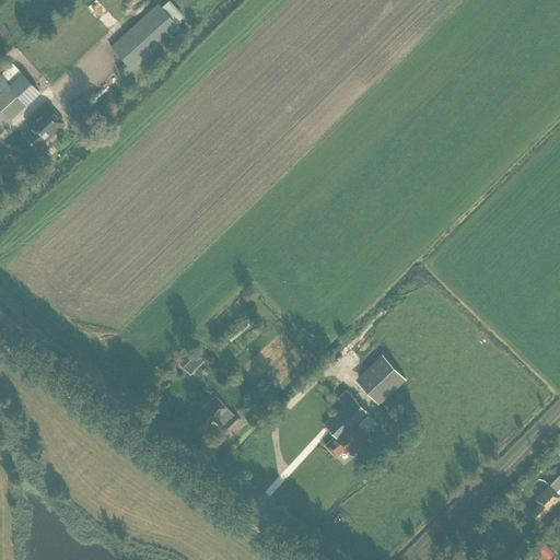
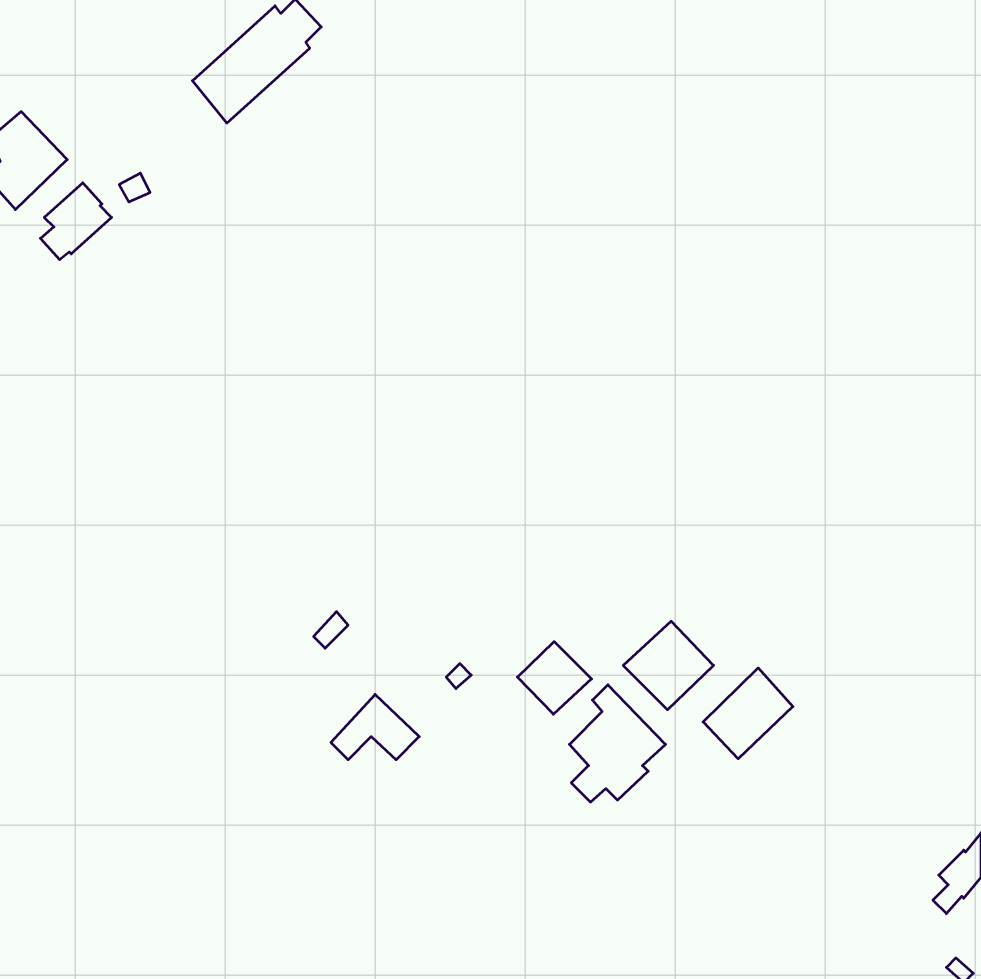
building: none -> [517,642,592,714]
building: none -> [703,668,793,759]

